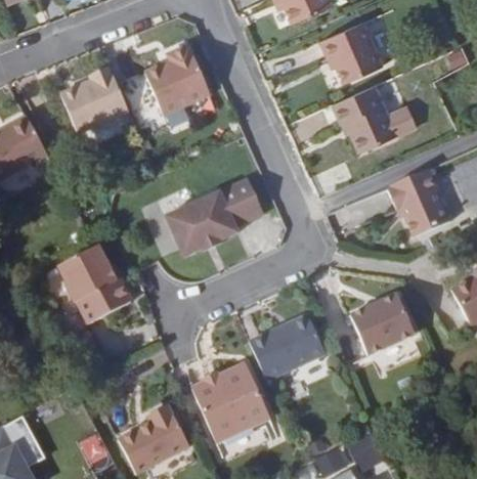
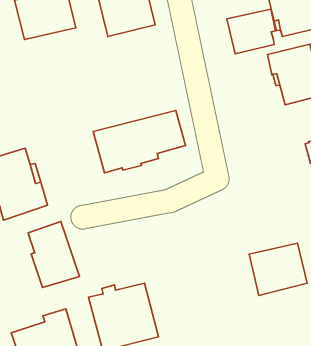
building: none -> [227,9,276,54]
building: [250,313,326,379] -> none
building: none -> [28,222,80,288]

